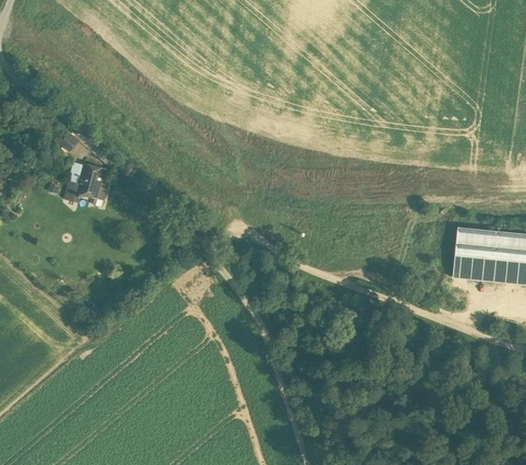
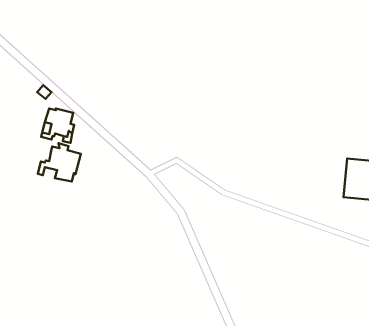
building: none -> [38,143,81,181]

